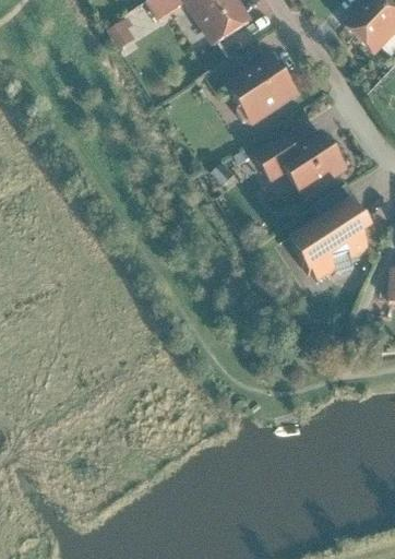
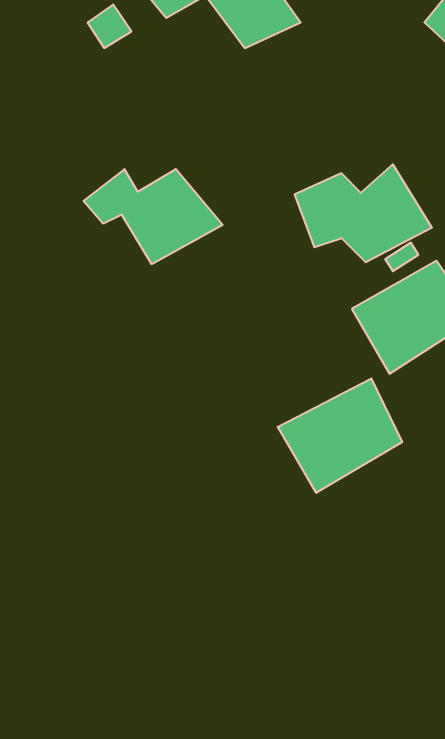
building: [203,53,303,122] -> [84,169,223,264]
building: none -> [278,378,402,493]

